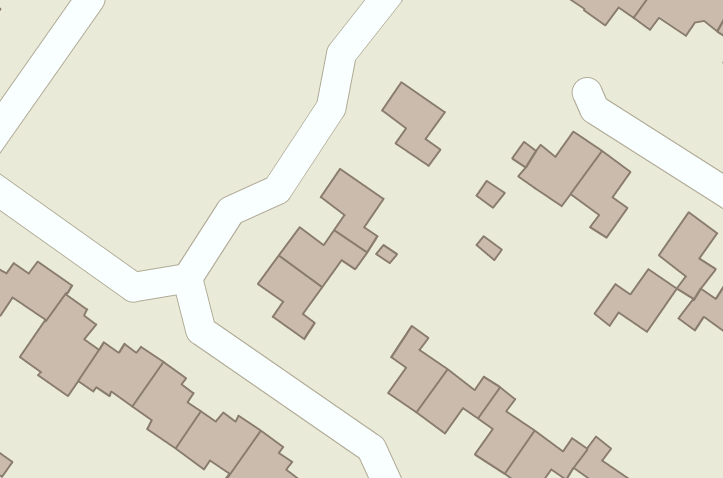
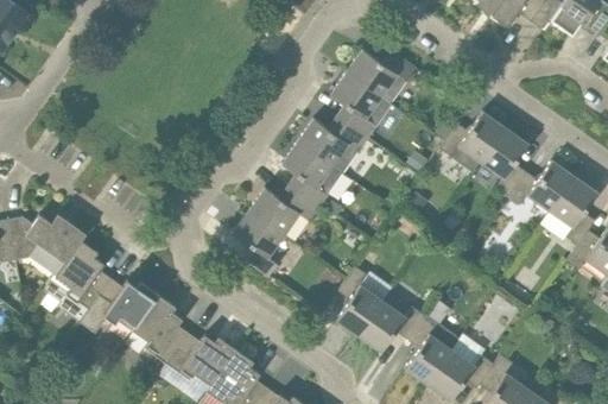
building: none -> [347,50,416,96]
building: none -> [298,119,368,165]
building: [595,269,677,332] -> [509,160,575,210]

